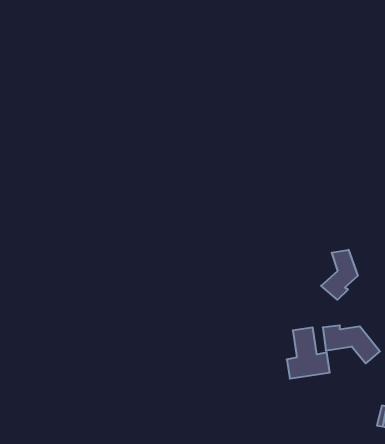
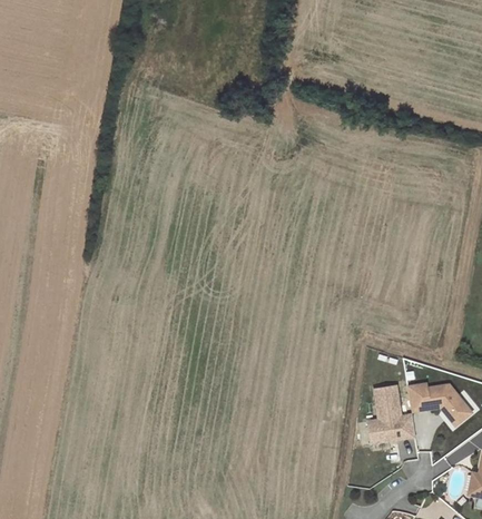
building: [321,250,358,300] -> none

